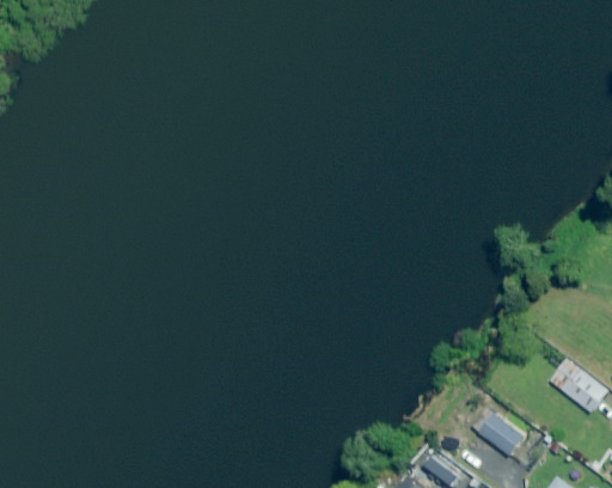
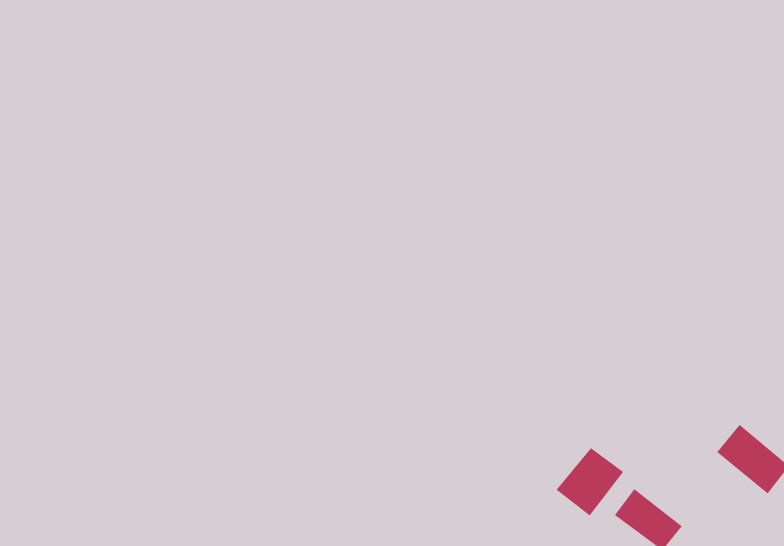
building: none -> [556,447,624,517]

